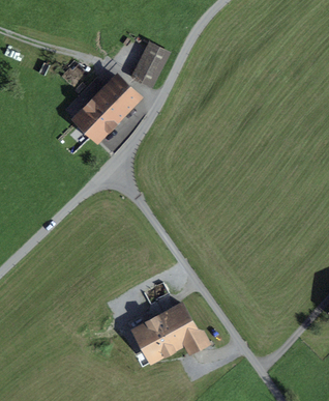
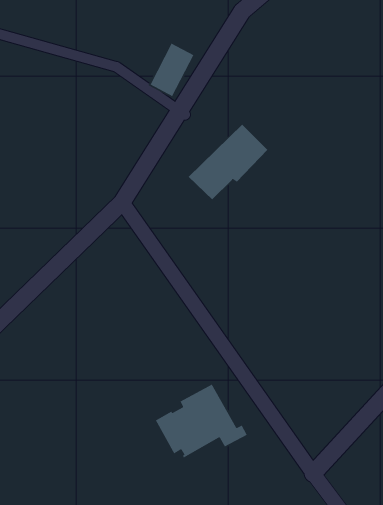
building: [77,78,138,136] -> [188,124,268,200]

